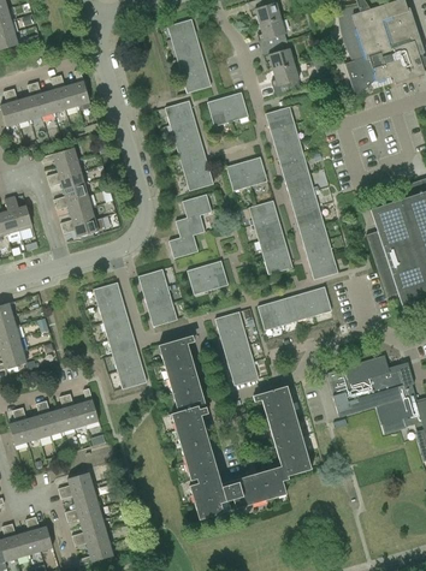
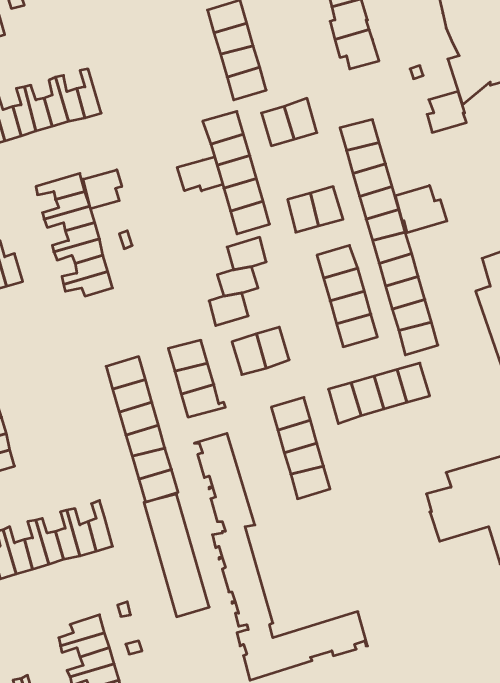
building: [271,64,300,94] -> [427,92,466,132]
building: none -> [177,157,223,191]
building: none -> [83,170,122,209]
building: none -> [395,185,447,233]
building: [262,386,310,476] -> [144,494,209,617]

